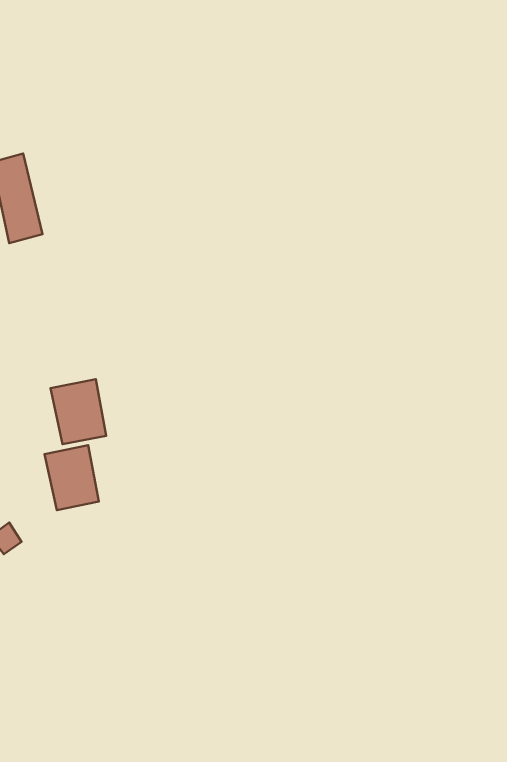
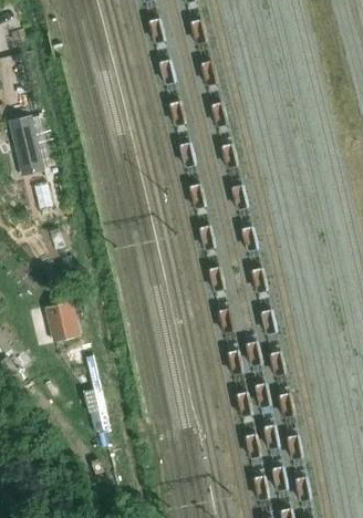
building: [51,379,106,444] -> none

